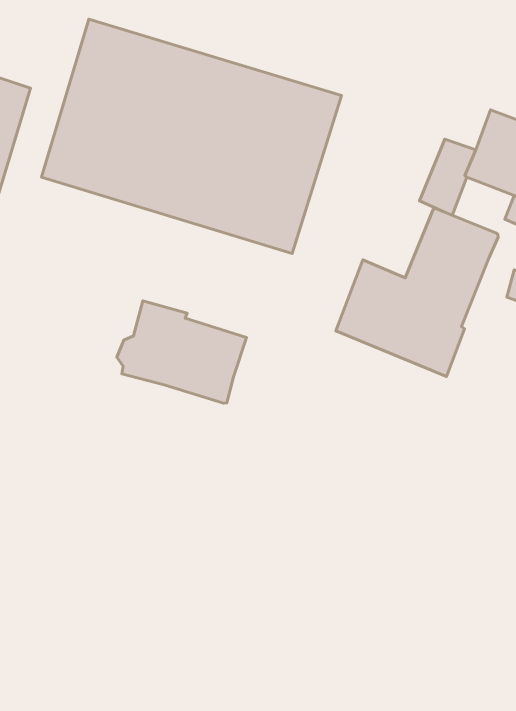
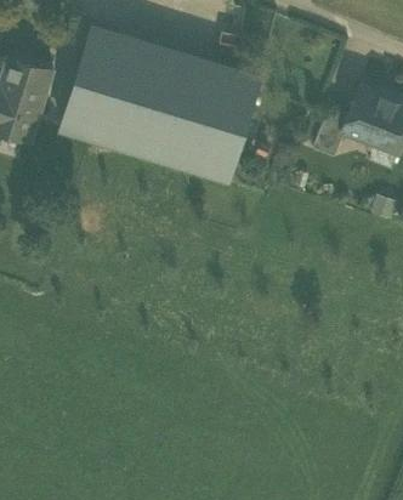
building: [336,208,498,376] -> none
building: [117,301,246,403] -> none

